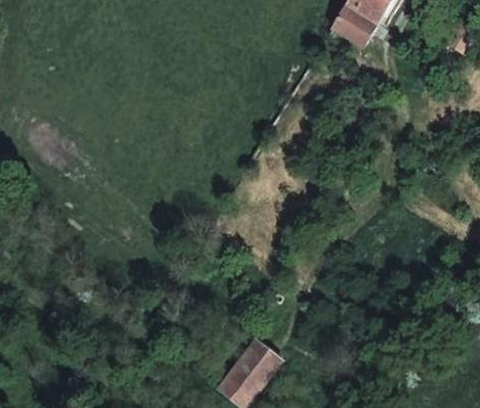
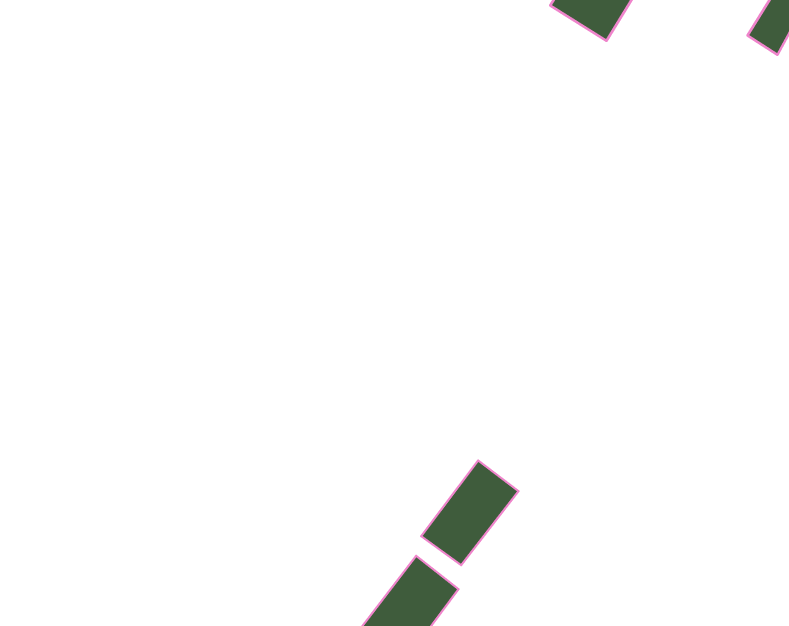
building: none -> [421,460,518,565]

